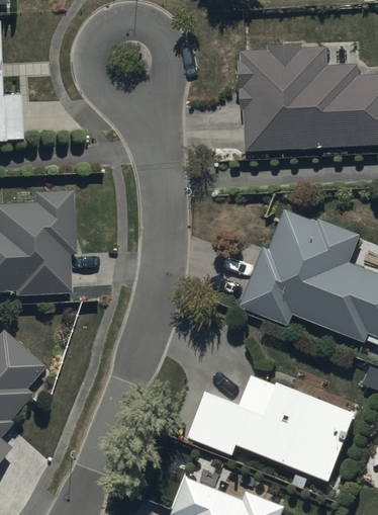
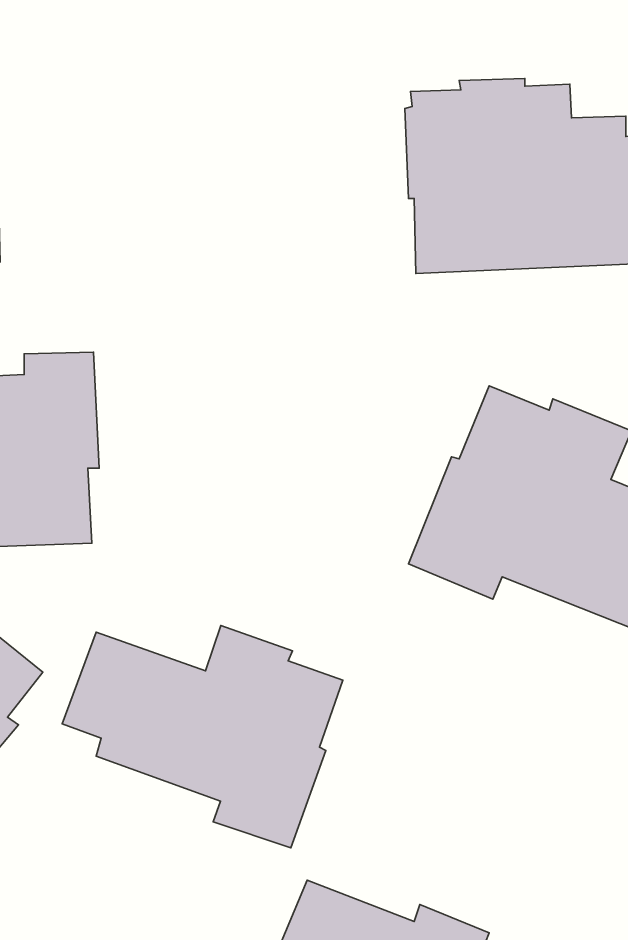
building: none -> [62,626,343,848]
building: [188,378,354,482] -> none

